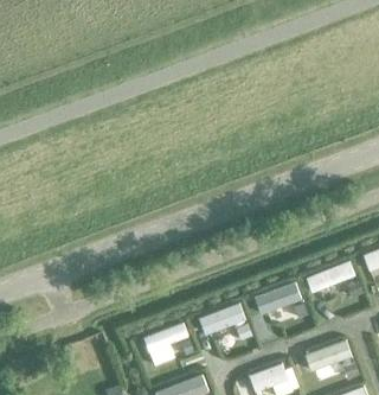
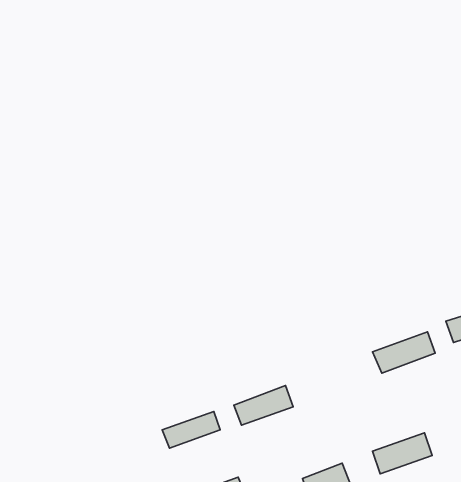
building: [253,282,301,314] -> none

